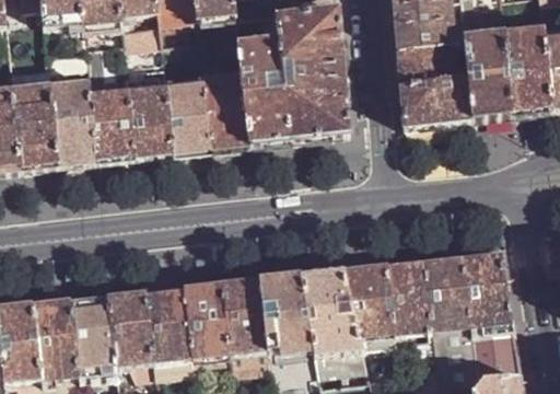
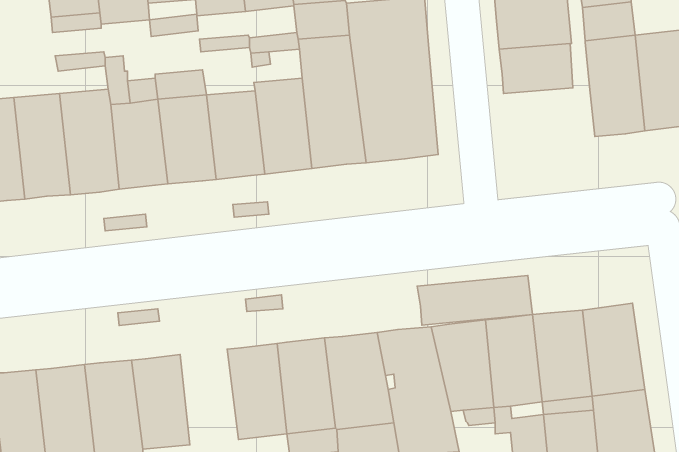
building: [400,79,472,127] -> none
building: none -> [417,276,533,325]
building: [145,286,191,361] -> none

